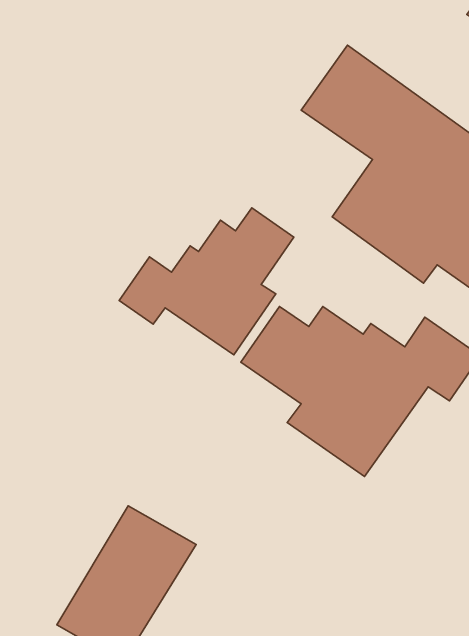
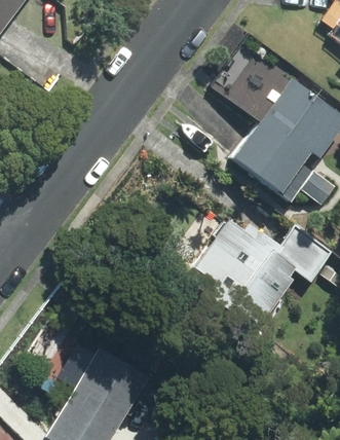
building: [119,208,294,355] -> none

